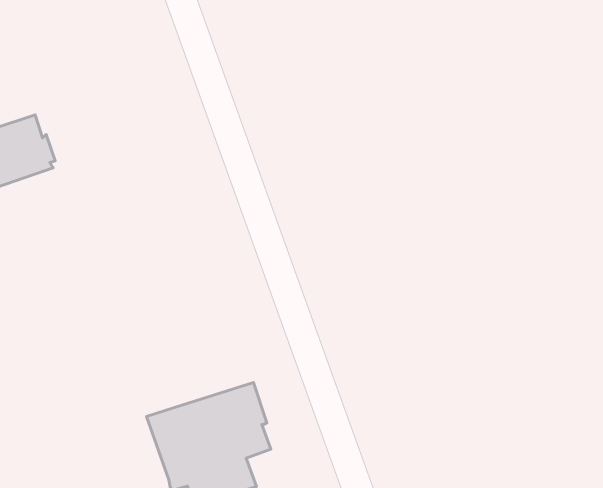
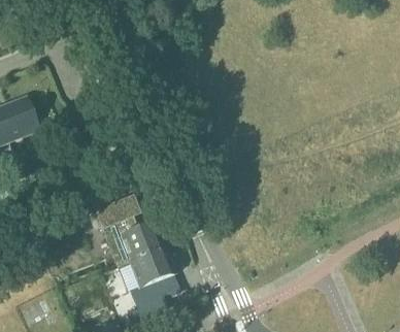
building: none -> [92,197,166,266]

